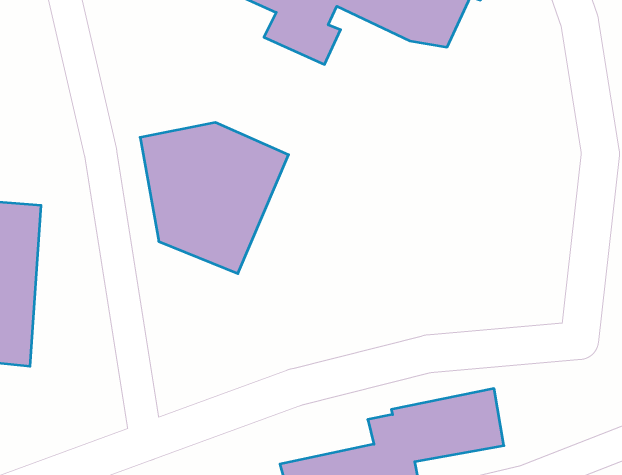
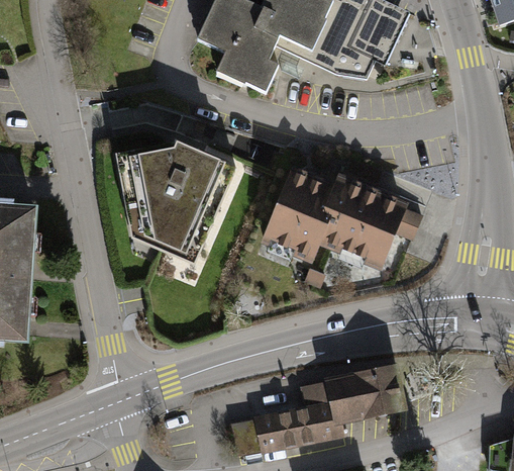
building: none -> [267,173,422,271]

